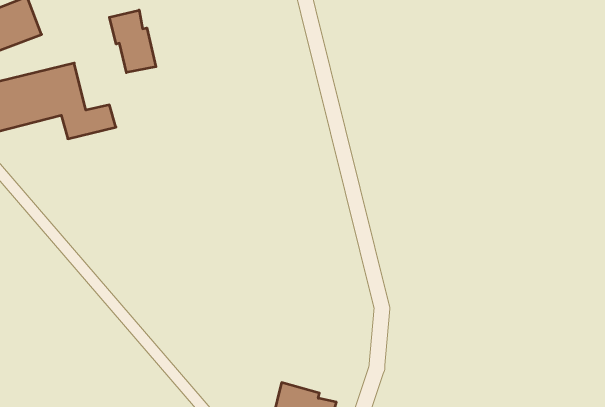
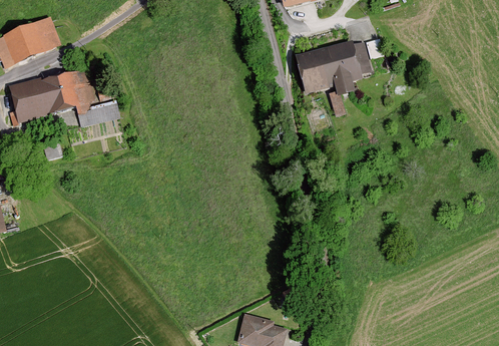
building: [109,10,156,73] -> none
building: none -> [295,39,372,93]

